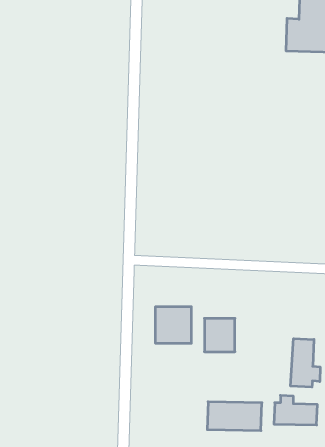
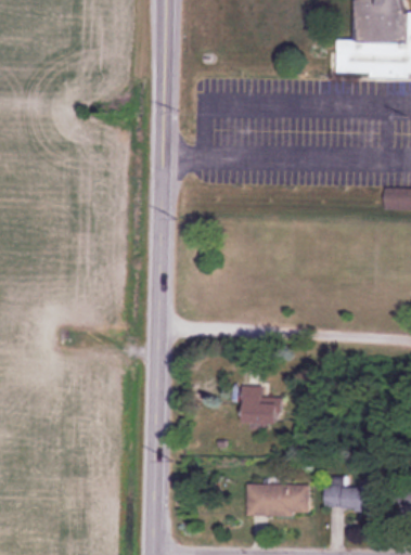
building: [156,307,191,343] -> none
building: [291,339,320,387] -> none

